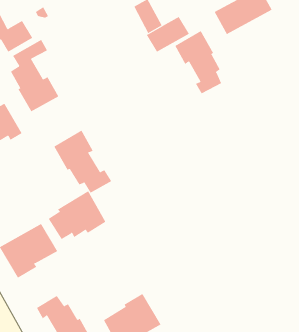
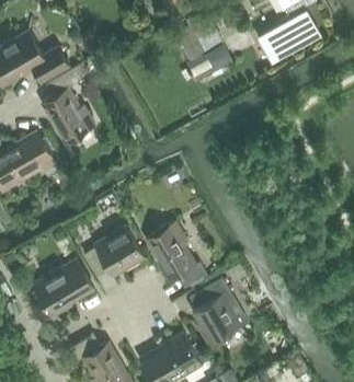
building: [175,30,222,94] -> none
building: [54,130,112,194] -> [146,221,207,288]
building: none -> [190,278,241,345]

